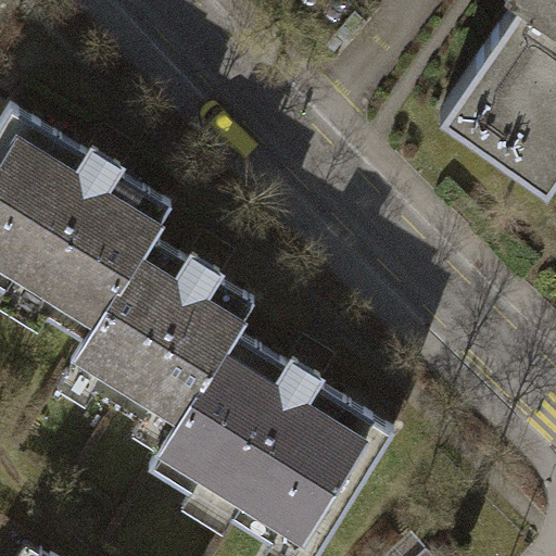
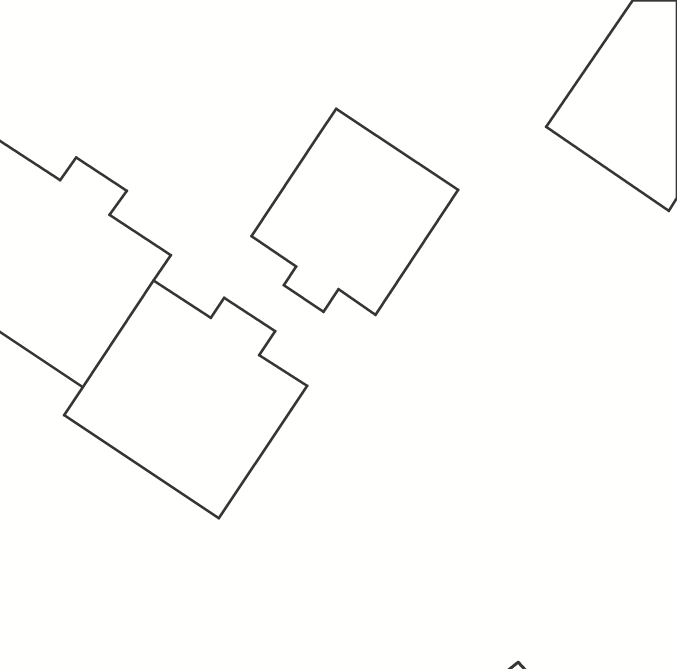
building: none -> [252,109,458,315]
building: [163,344,376,547] -> none

